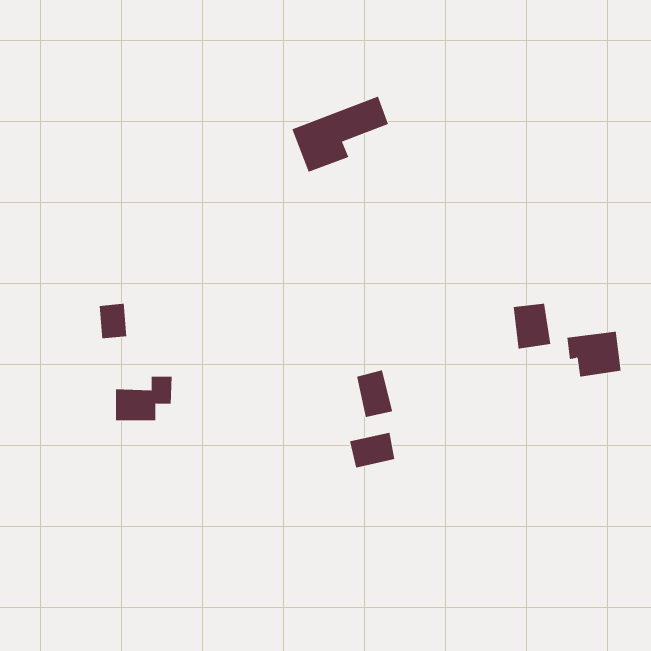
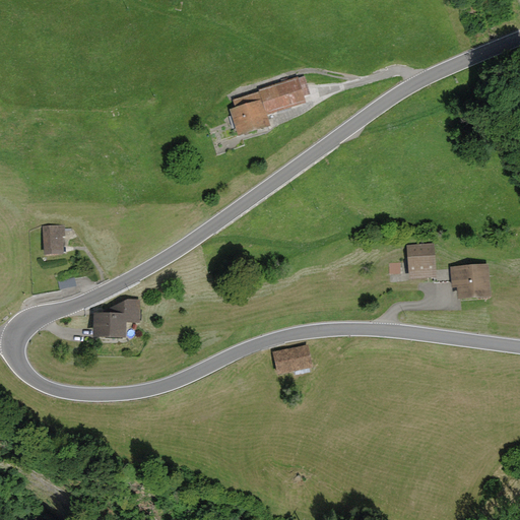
building: [99,303,127,339] -> [41,225,63,254]
building: [357,369,393,418] -> none

